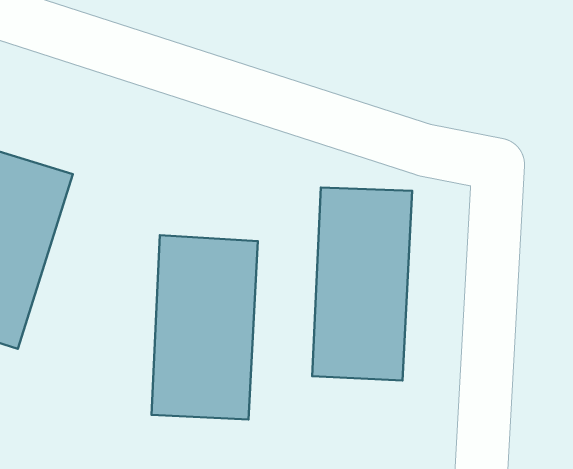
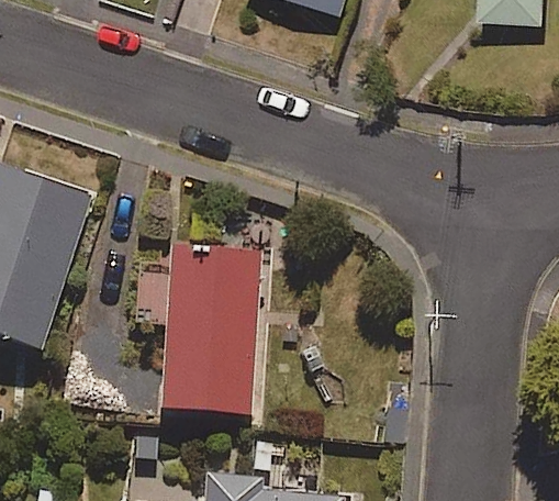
building: [312,188,412,381] -> none

